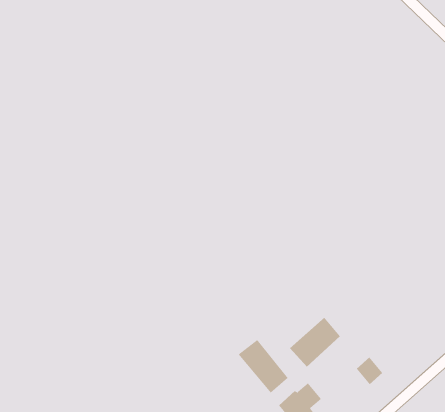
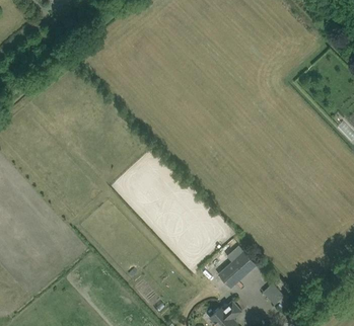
building: [238,339,289,394] -> none

